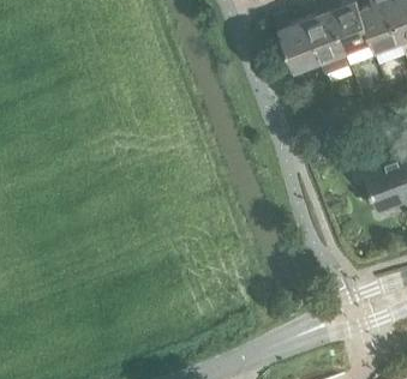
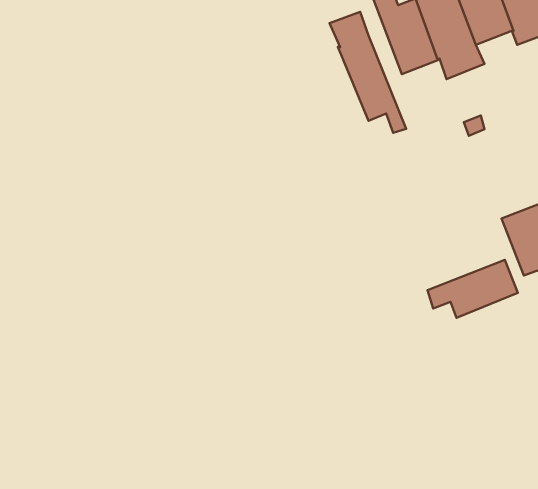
building: none -> [330,12,406,133]
building: none -> [427,260,518,318]

